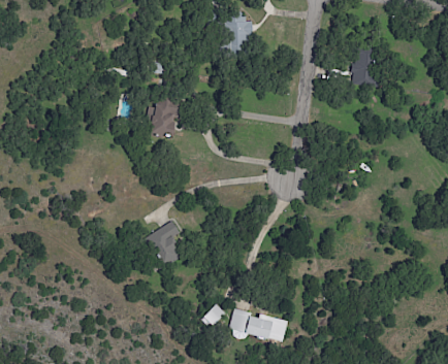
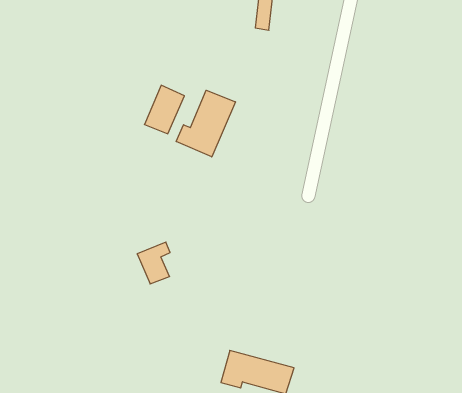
building: [351,51,372,80] -> none
building: none -> [176,90,235,157]

